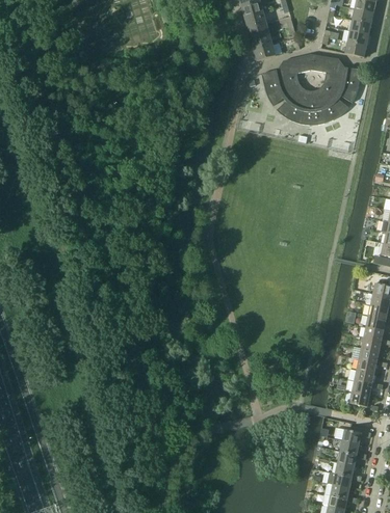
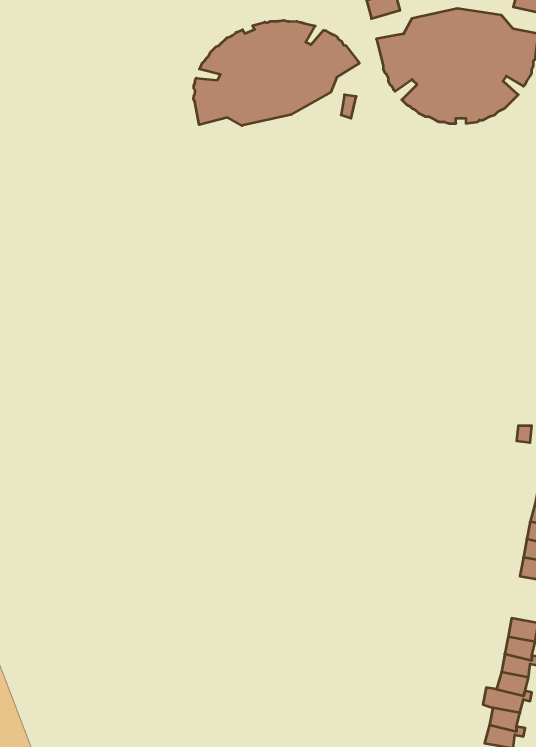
building: none -> [194,20,359,126]

